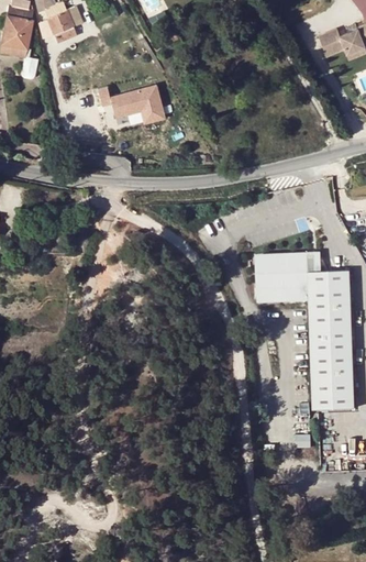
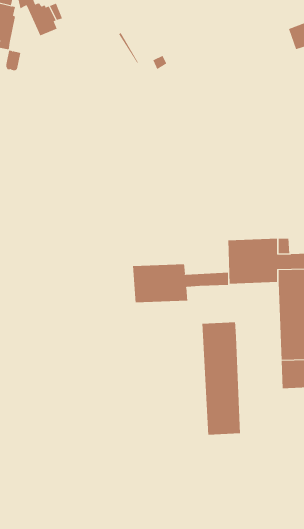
building: [98,84,166,123] -> none
building: none -> [133,263,229,303]
building: none -> [202,321,241,436]

